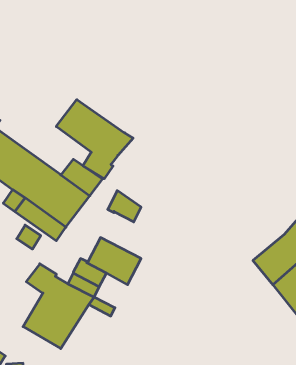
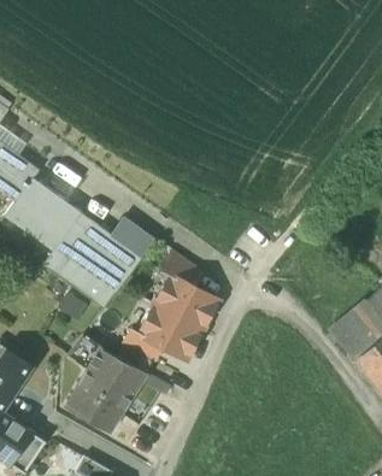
building: [56,100,133,179] -> none
building: none -> [154,275,217,329]

